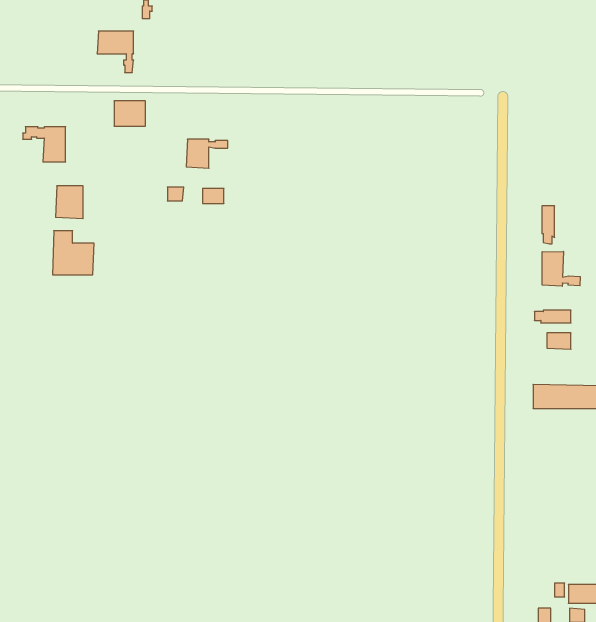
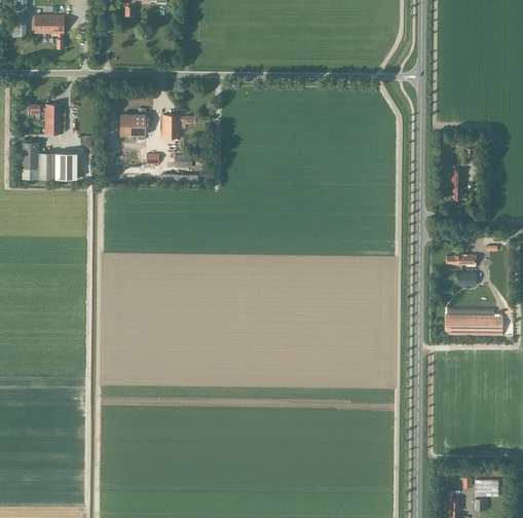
building: [97,31,134,73] -> [35,14,65,48]
building: [114,101,145,126] -> [120,114,146,135]
building: [53,231,94,275] -> [23,142,57,178]
building: [542,251,580,286] -> none

